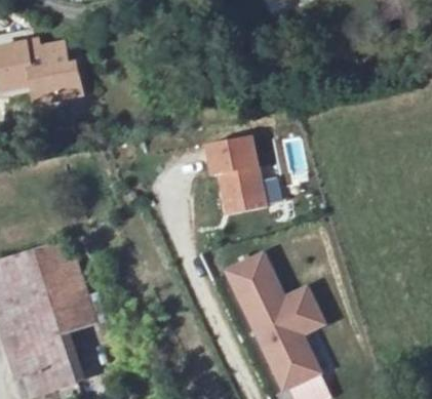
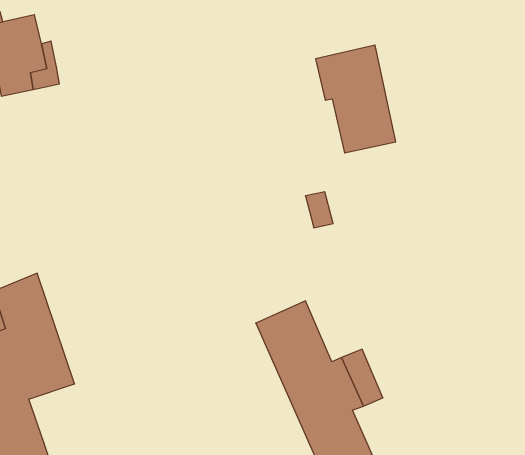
building: [206,132,266,212] -> [316,45,396,153]

